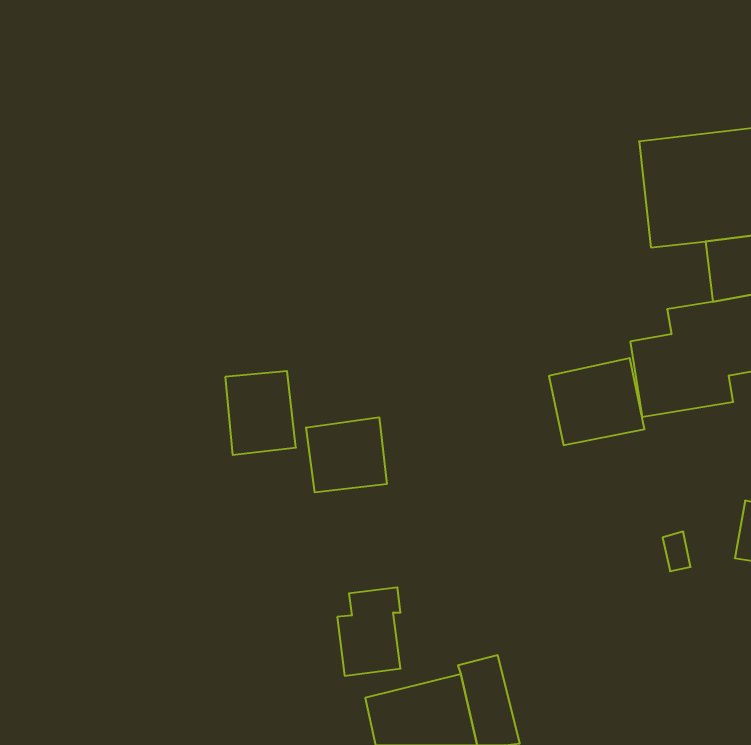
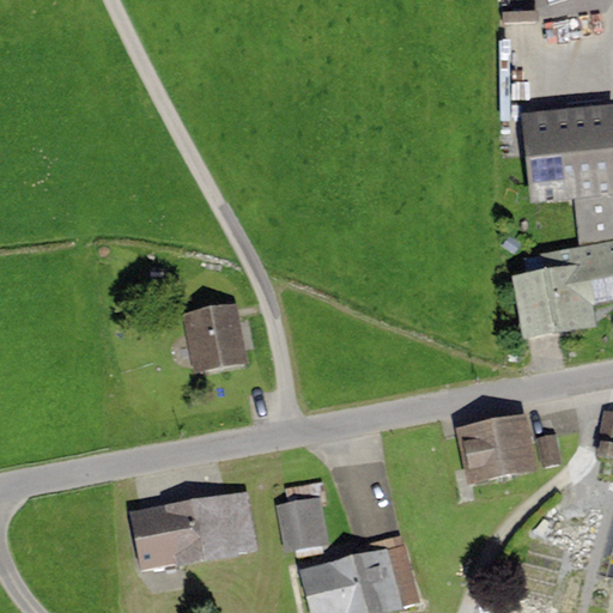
building: [549,358,645,445] -> [460,414,538,485]
building: [306,417,387,492] -> none
building: none -> [128,486,259,572]

